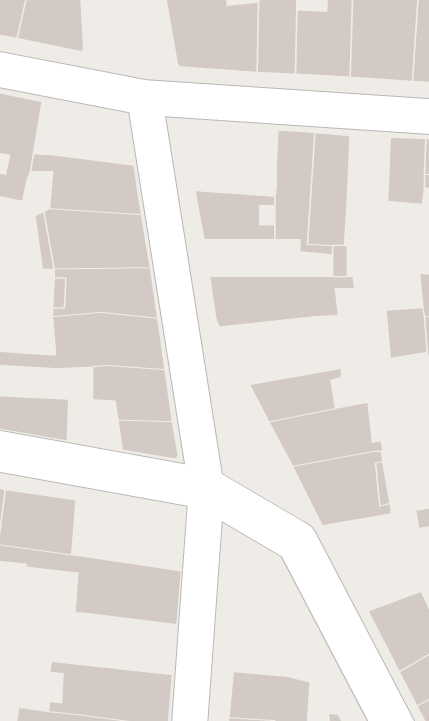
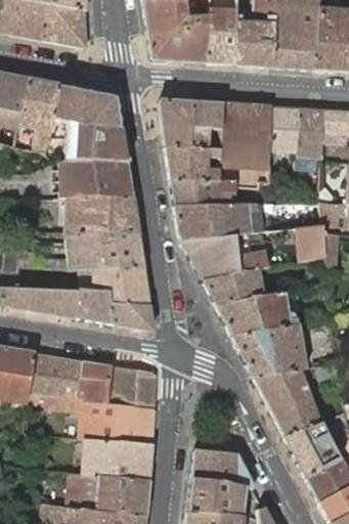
building: none -> [54,84,124,128]
building: none -> [160,100,223,149]
building: none -> [271,107,301,152]
building: none -> [172,179,234,205]
building: none -> [182,232,270,279]
building: none -> [78,290,116,324]
building: none -> [81,359,157,408]
building: none -> [254,367,321,436]
building: none -> [85,437,154,480]
building: none -> [192,447,255,487]

